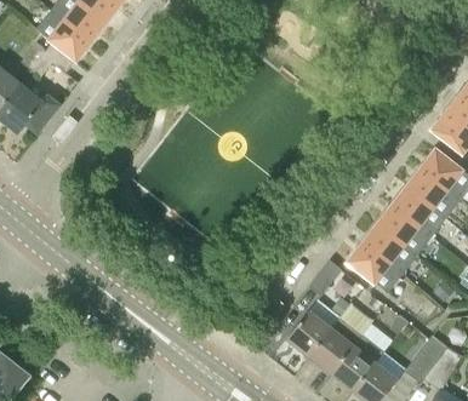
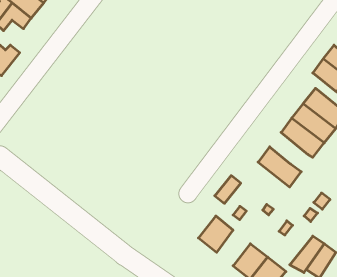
building: [377,205,432,254] -> none
building: [347,242,403,293] -> none
building: [310,328,353,373] -> none

